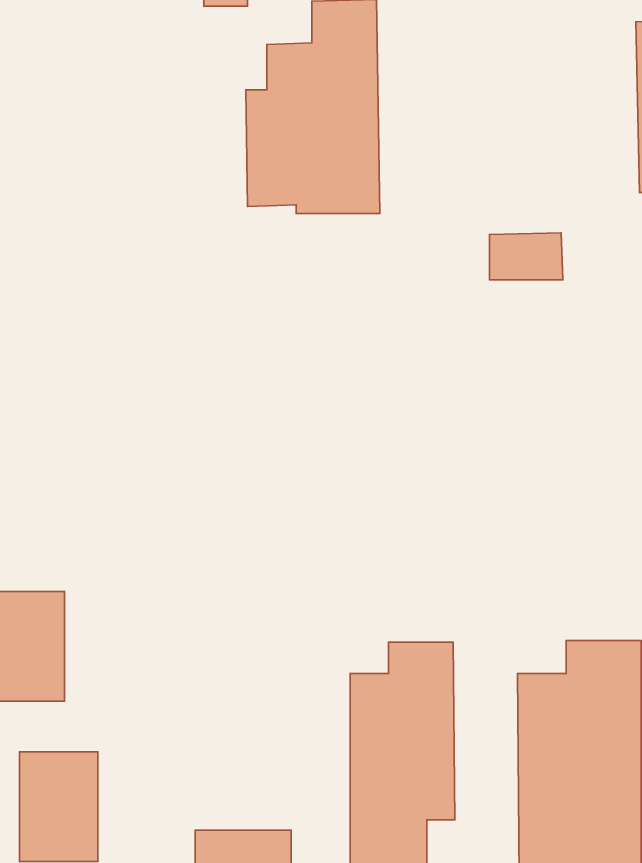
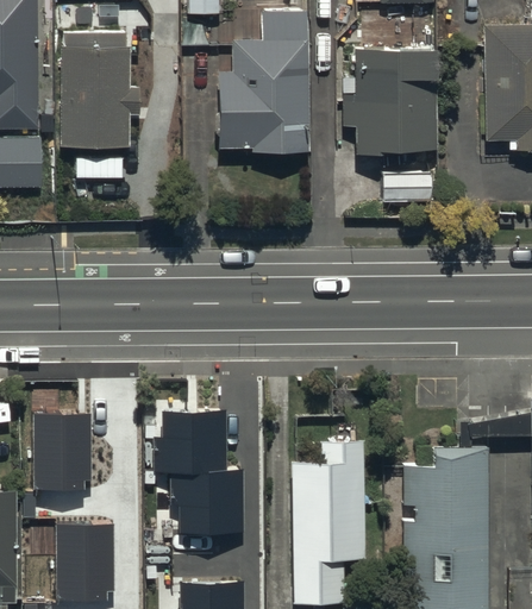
building: none -> [58,33,138,146]
building: none -> [344,49,437,157]
building: none -> [155,409,246,532]

